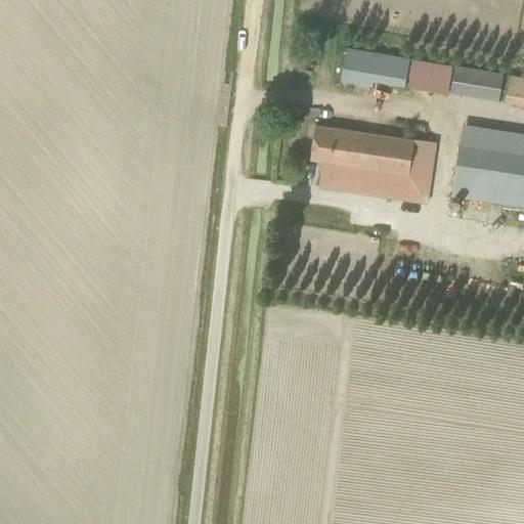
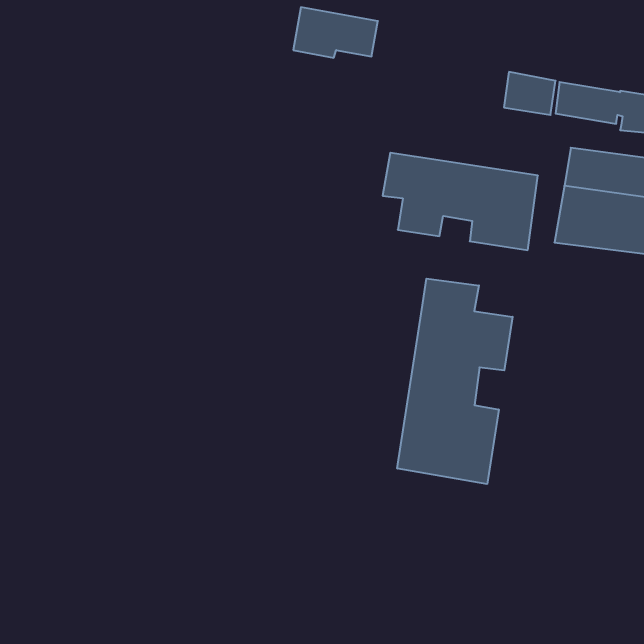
building: [342,48,410,89] -> [293,7,378,58]
building: none -> [397,279,513,484]

